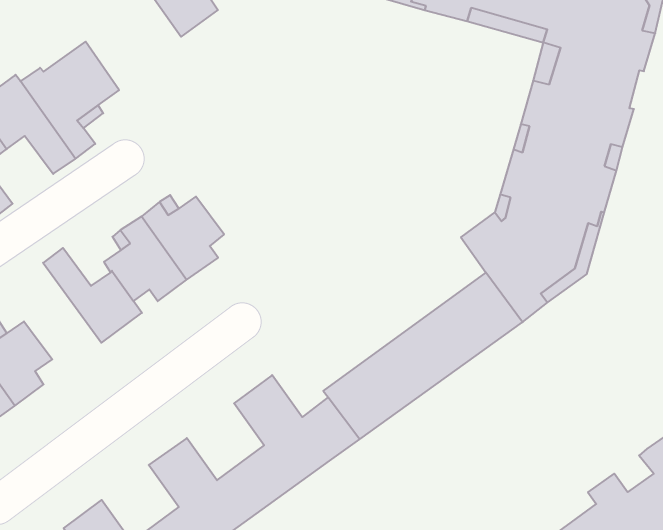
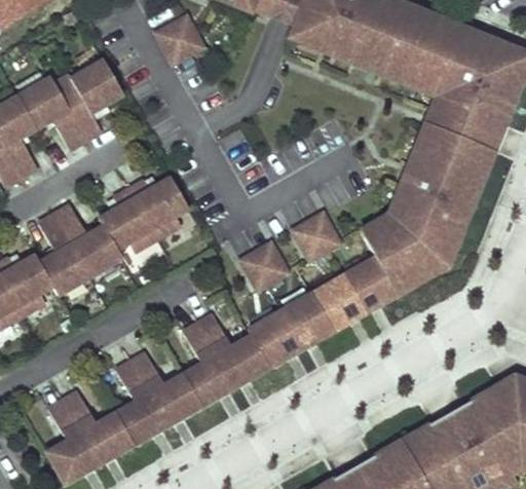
building: none -> [293,212,339,258]
building: none -> [39,214,90,295]
building: none -> [241,241,287,288]

